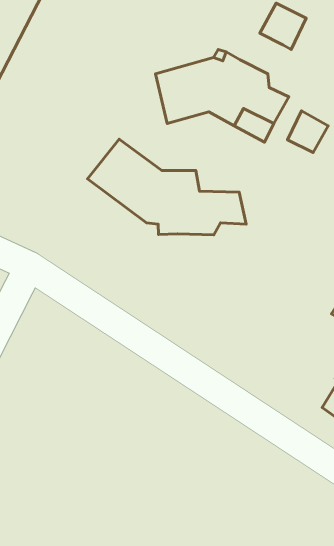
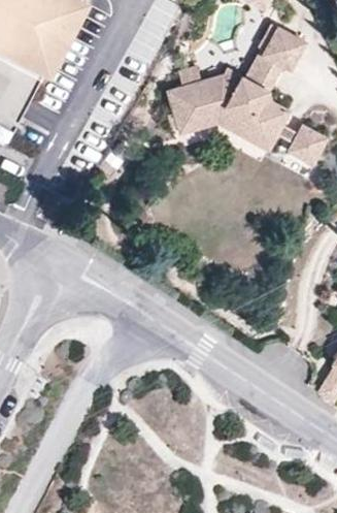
building: none -> [245,50,283,88]
building: [87,139,246,235] -> none

